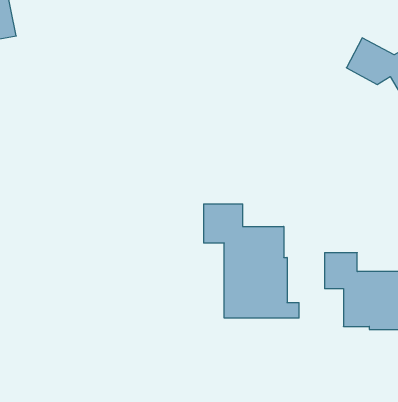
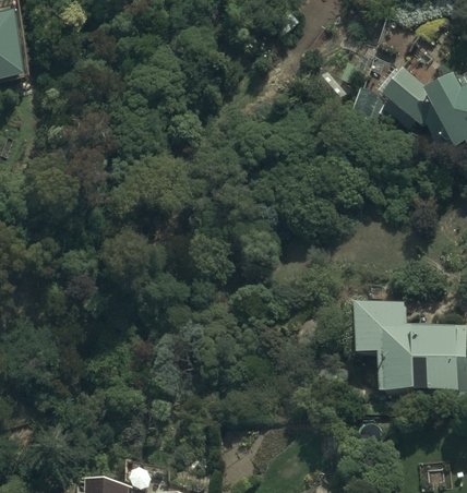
building: [204,204,299,318] -> none

